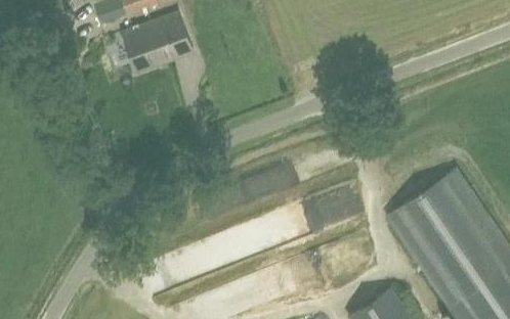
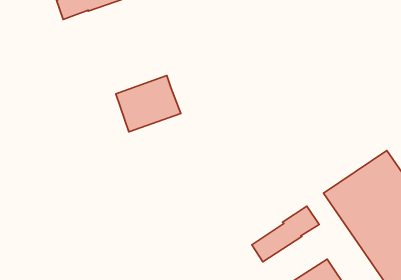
building: [123,11,195,74] -> [116,75,181,132]
building: none -> [252,206,319,262]

